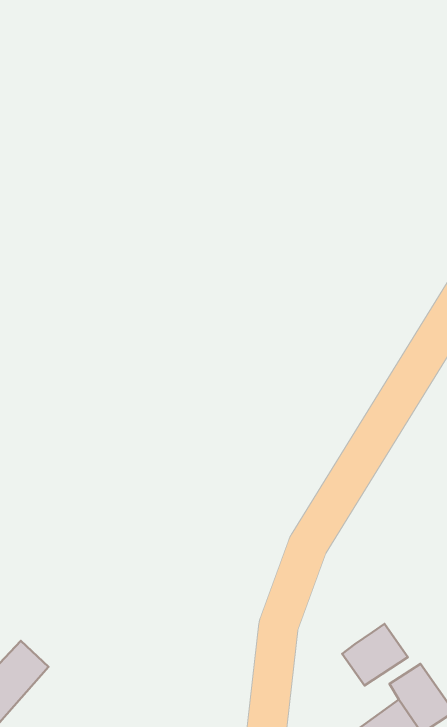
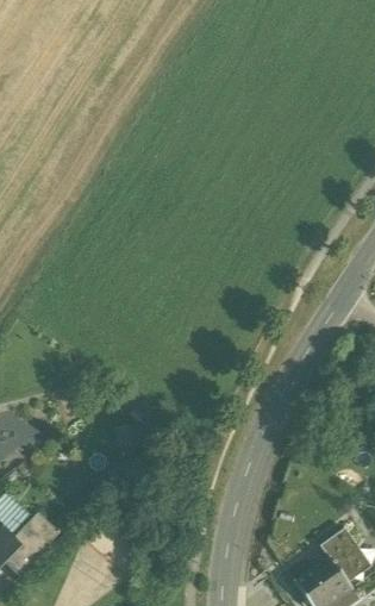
building: [342,624,408,685] -> none

